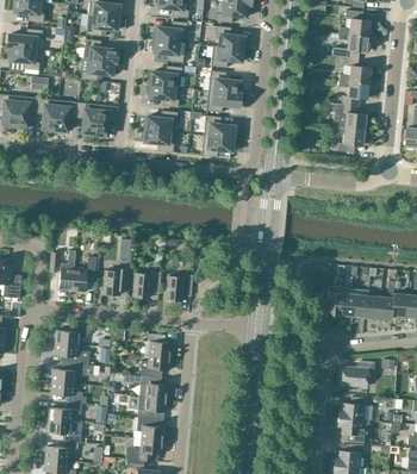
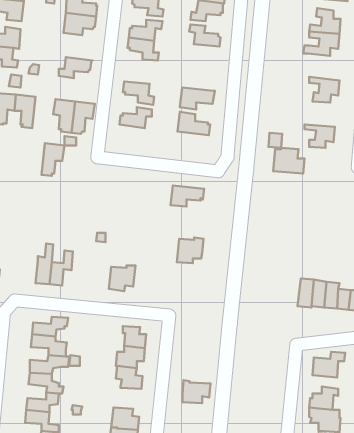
building: [83,39,117,63] -> none
building: [211,45,245,68] -> none
building: [335,56,371,83] -> none
building: [148,67,182,88] -> none
building: [207,71,241,94] -> none
building: [54,100,77,133] -> [41,143,65,176]
building: [332,105,365,131] -> [273,148,304,174]
building: [142,129,175,152] -> none
building: [200,136,235,157] -> [170,185,204,206]
building: [102,269,127,295] -> none
building: [164,275,192,301] -> [177,238,203,263]
building: [137,395,166,419] -> [182,380,210,403]

